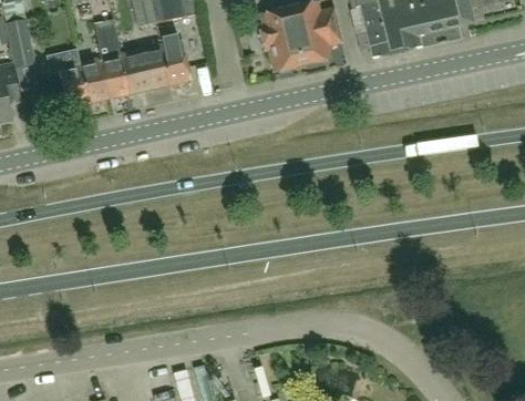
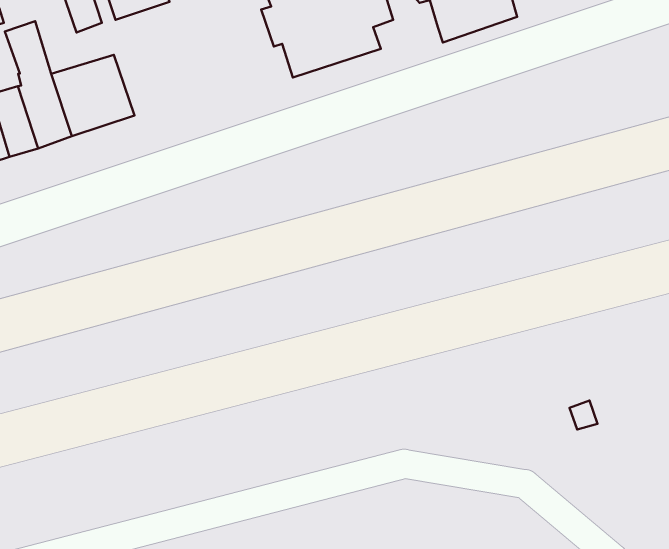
building: [161,33,189,84] -> none

